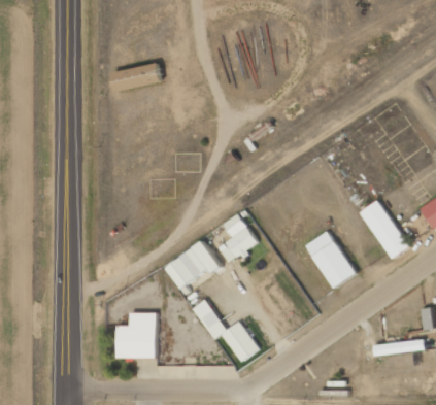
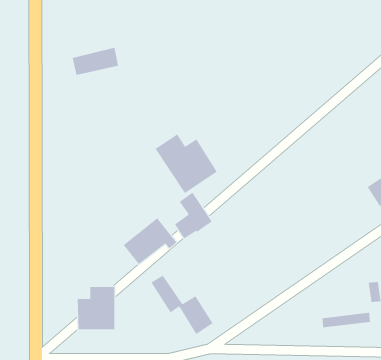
building: none -> [155,134,218,194]
building: [360,200,409,259] -> none
building: [305,231,356,288] -> none

